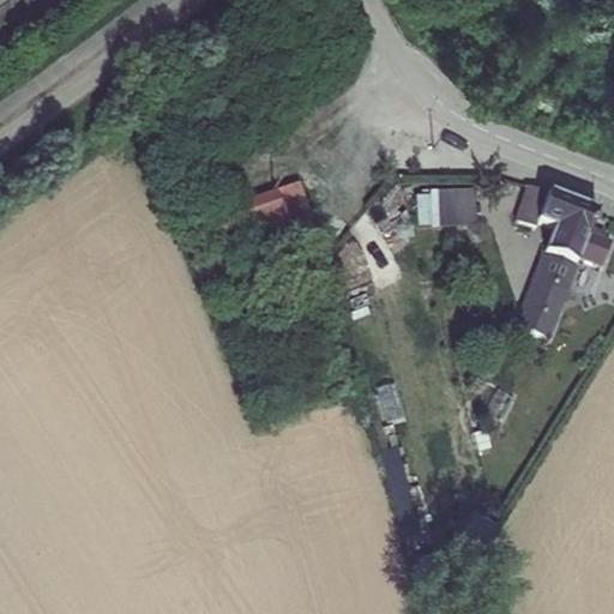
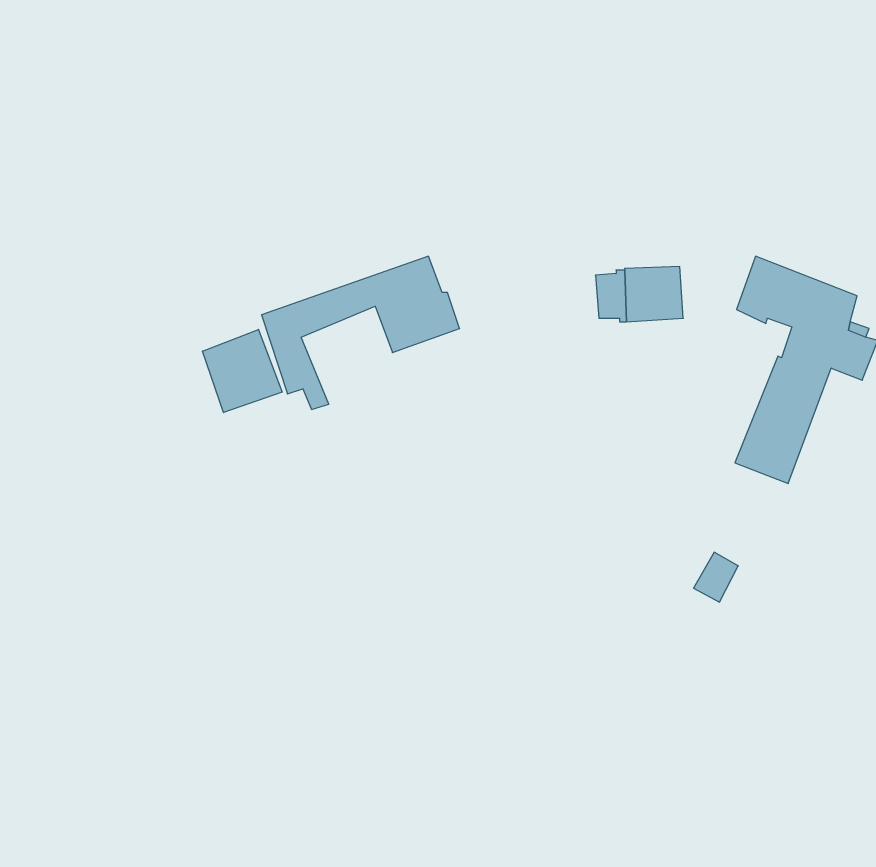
building: none -> [202,329,282,413]

